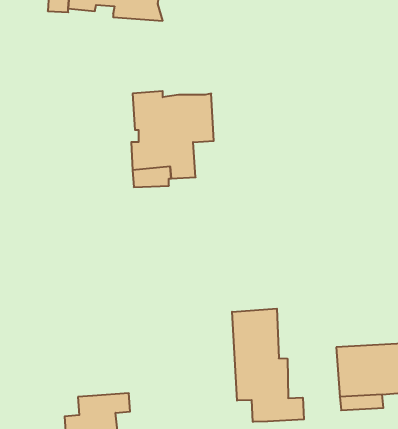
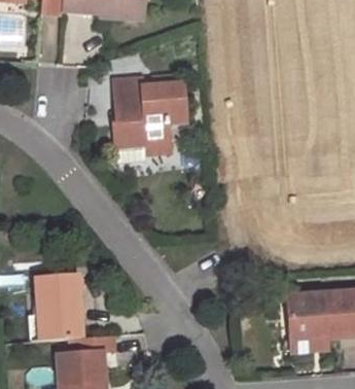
building: [232,309,304,422] -> none
building: none -> [36,275,82,340]

